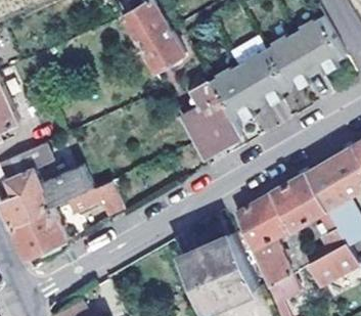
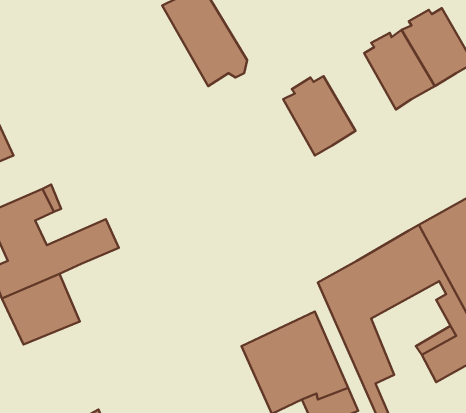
building: [240,50,291,105] -> none
building: [182,81,240,154] -> none
building: [69,180,125,212] -> none

